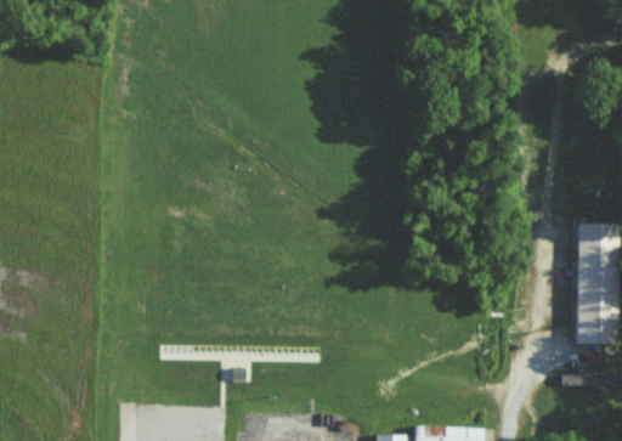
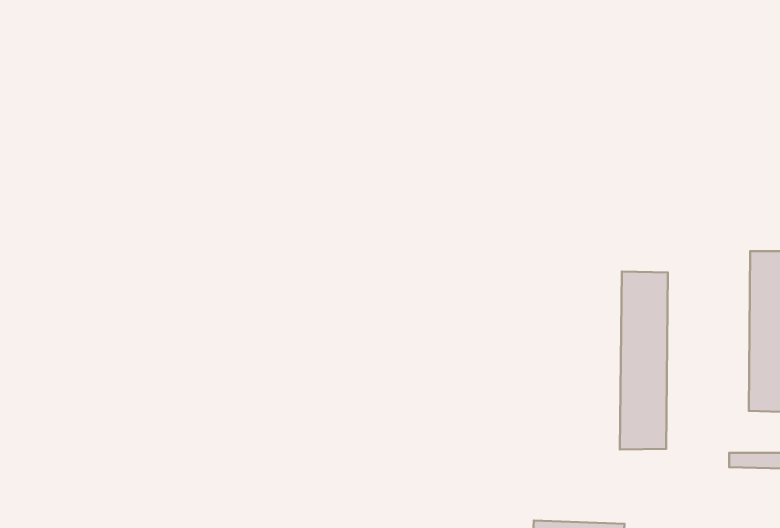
building: none -> [620,271,668,450]

